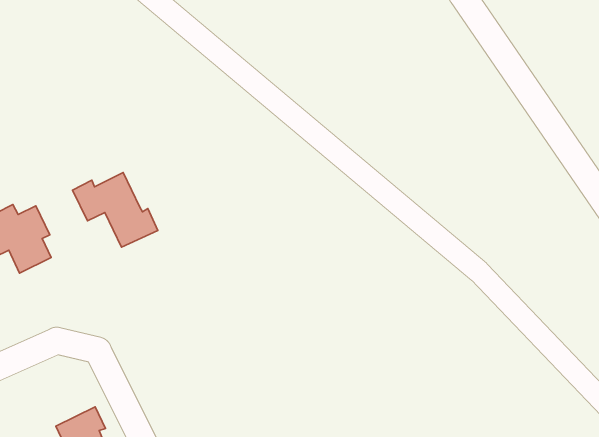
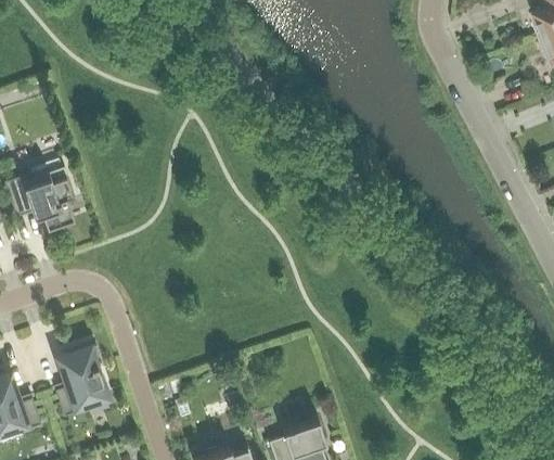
building: [73,172,158,247] -> none

